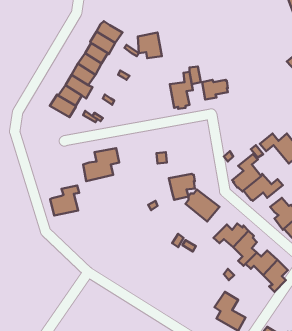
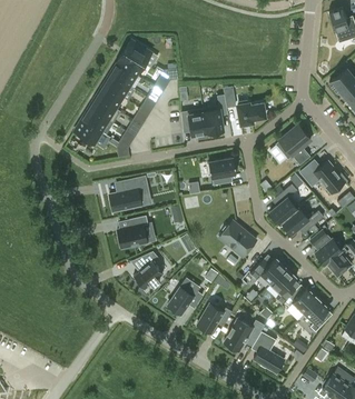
building: [138,32,162,58] -> [181,108,207,136]
building: none -> [275,126,310,166]
building: [169,174,195,200] -> [208,158,236,186]
building: [50,186,79,216] -> [117,216,148,248]
building: none -> [132,251,162,289]
building: none -> [167,283,203,315]
building: none -> [197,303,231,333]
building: none -> [224,318,264,351]

